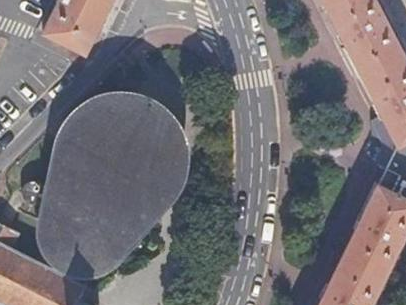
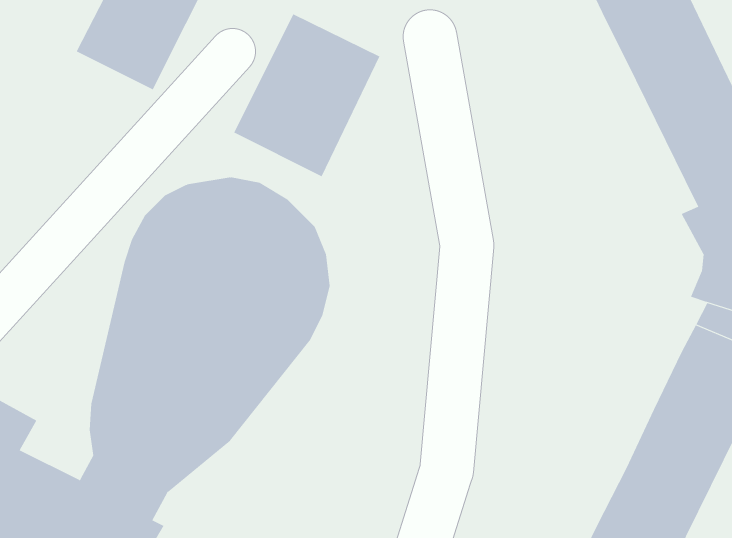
building: none -> [233,13,380,177]

